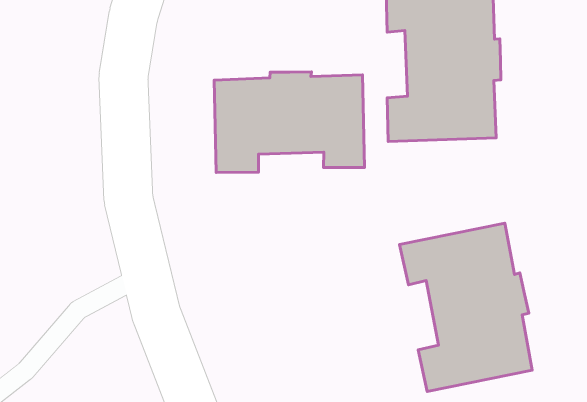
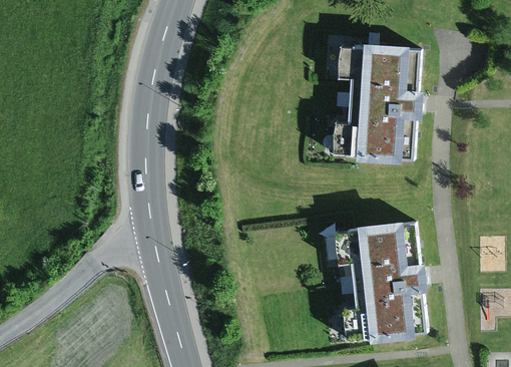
building: [214,72,365,173] -> none

